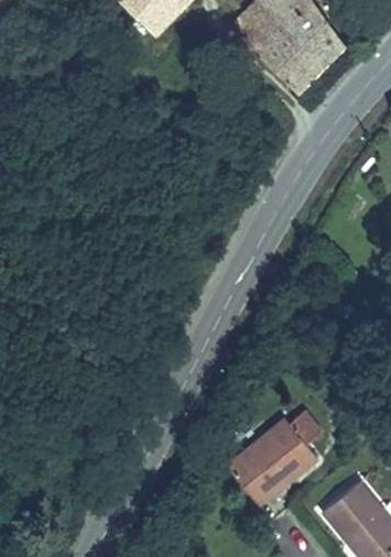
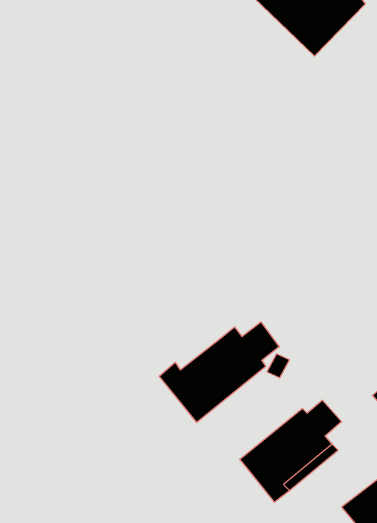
building: none -> [159,322,279,423]

